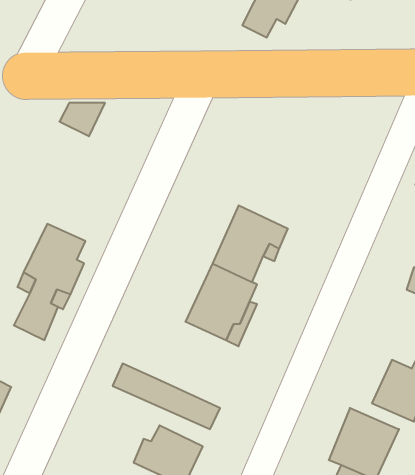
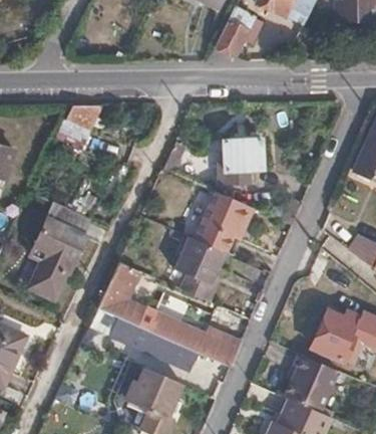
building: none -> [225,139,263,176]
building: none -> [97,260,139,316]
building: none -> [148,313,241,368]

